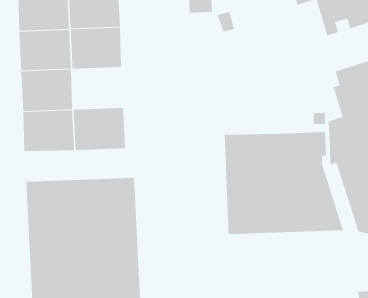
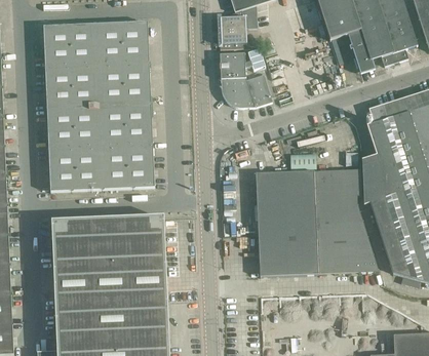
building: none -> [220,52,272,107]
building: none -> [100,104,153,147]

